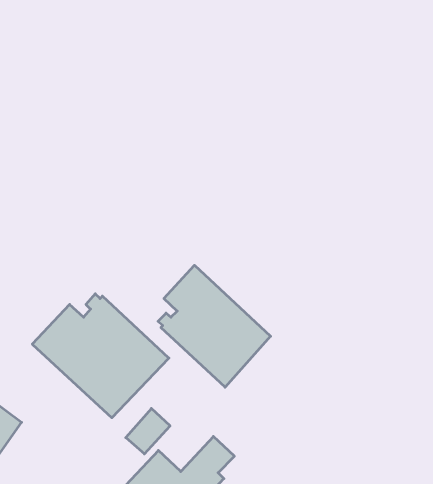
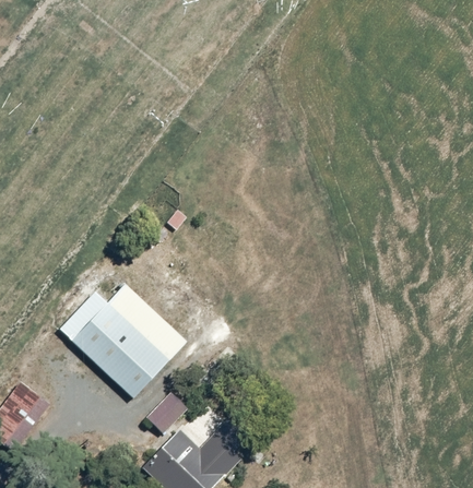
building: [158,265,271,387] -> none

